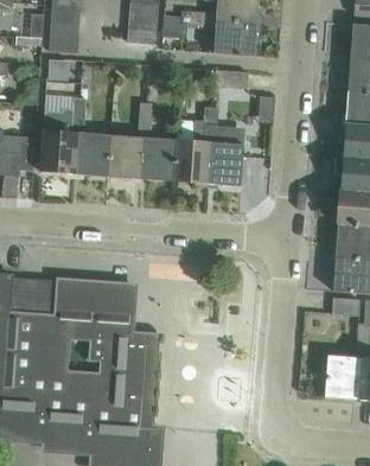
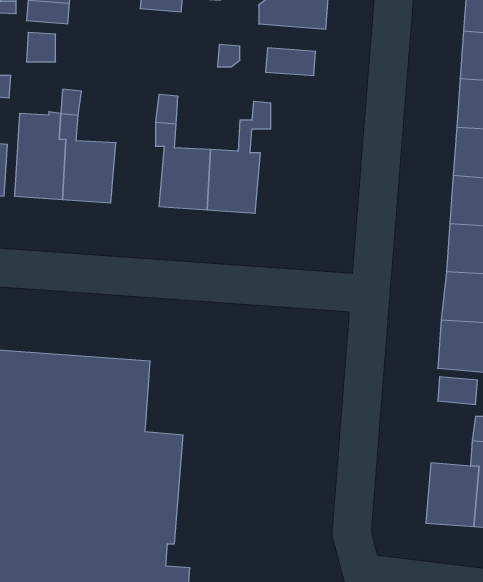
building: [203,125,243,185] -> none
building: [107,134,143,178] -> none

